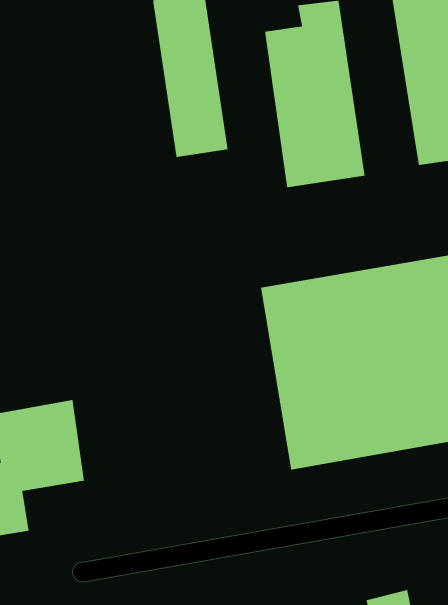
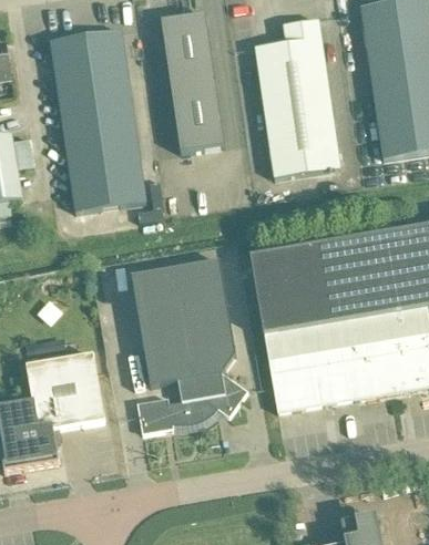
building: none -> [49,29,145,209]
building: none -> [130,258,246,431]

